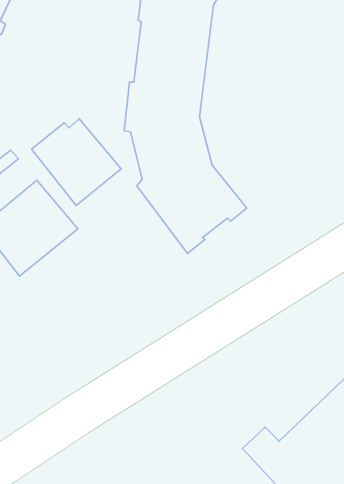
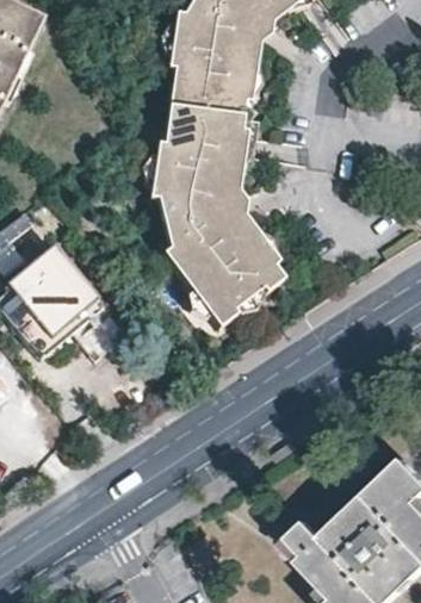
building: [31,119,121,206] -> none

